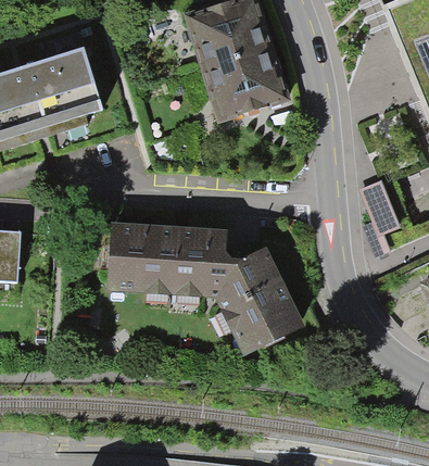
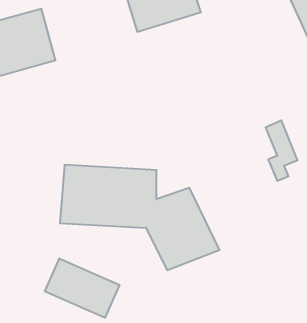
building: [204,46,300,126] -> none
building: none -> [45,258,119,318]

